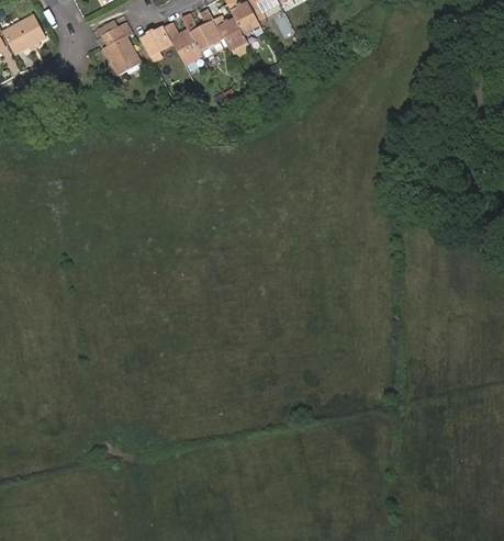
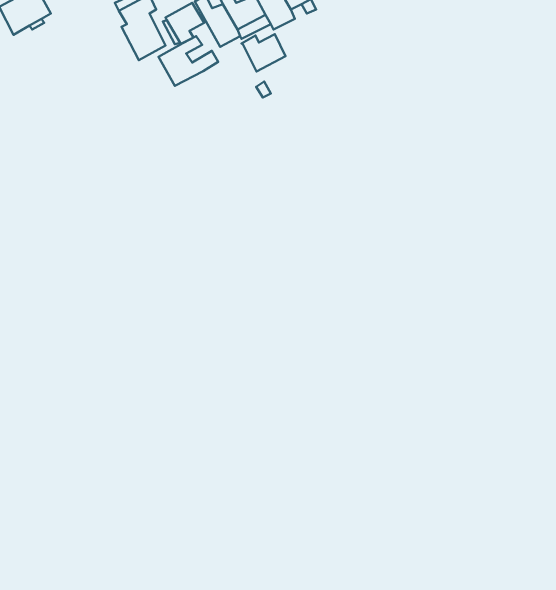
building: none -> [242,34,285,71]
building: none -> [158,36,218,86]

